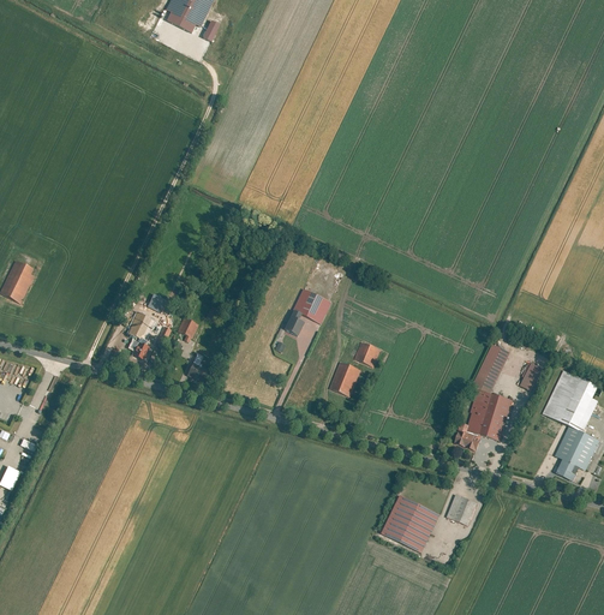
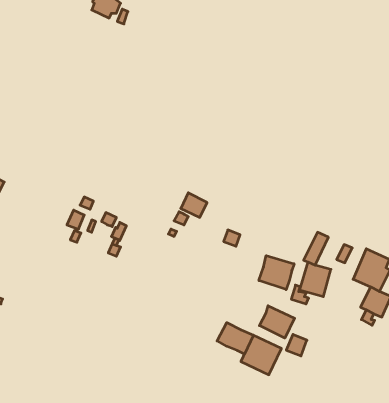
building: [330,362,360,395] -> none
building: none -> [259,256,294,290]
building: none -> [259,306,295,338]
building: none -> [217,323,253,354]

